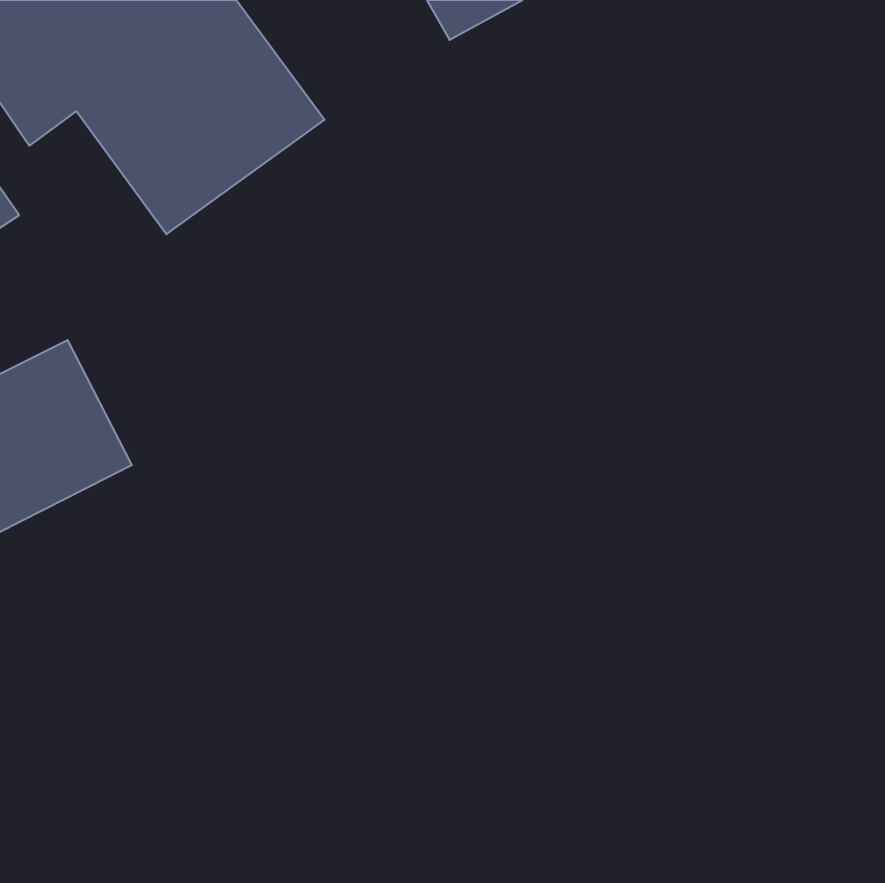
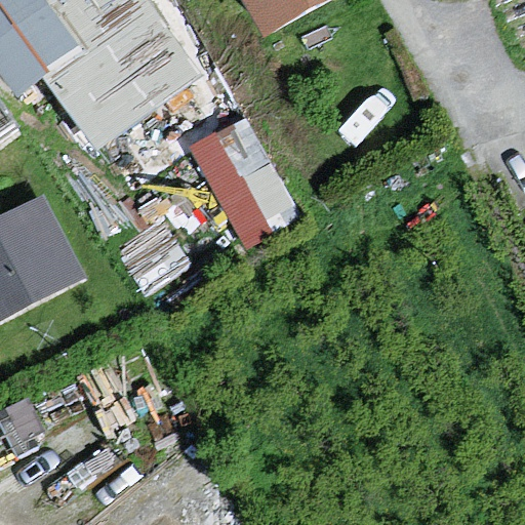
building: none -> [196,117,293,244]

